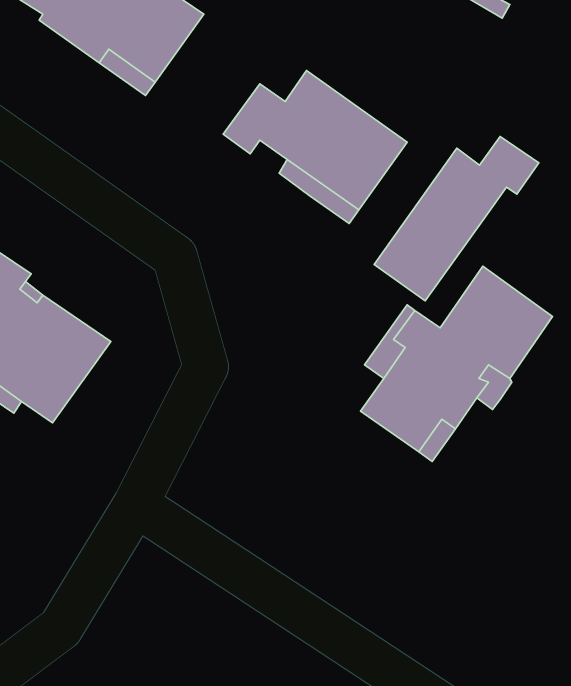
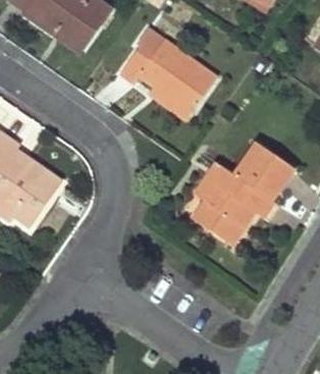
building: [374,137,539,301] -> none

